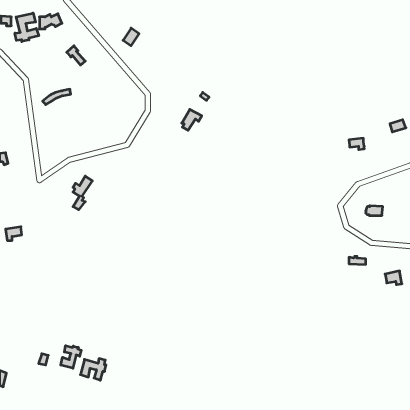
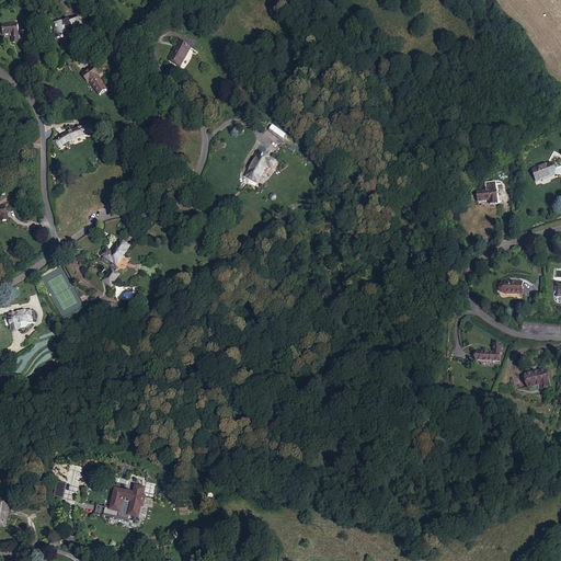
building: [15,13,39,42] -> none
building: [61,346,81,368] -> none

